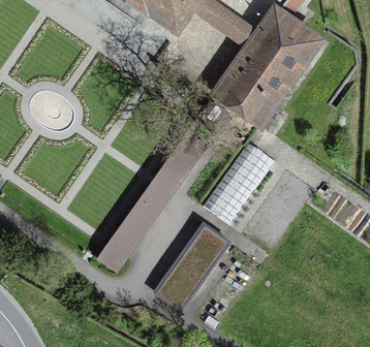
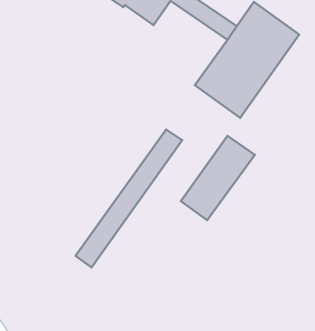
building: [155,223,228,308] -> none

